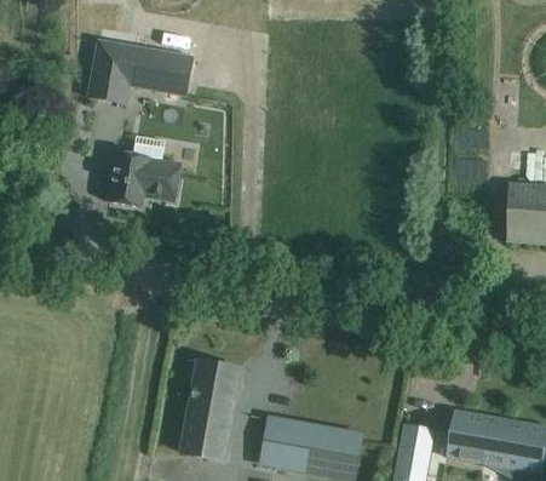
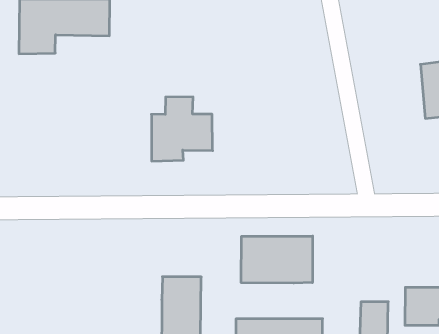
building: [108,136,180,206] -> [151,97,213,161]
building: none -> [241,236,313,283]

